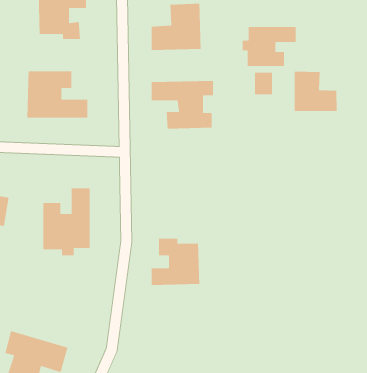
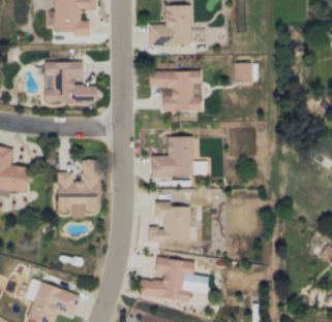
building: [242,26,297,67] -> none
building: [294,71,338,112] -> none
building: none -> [151,136,207,176]
building: none -> [139,257,209,301]

